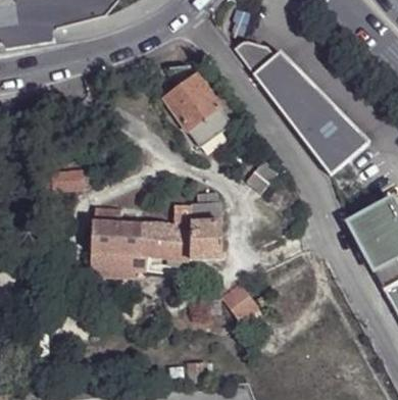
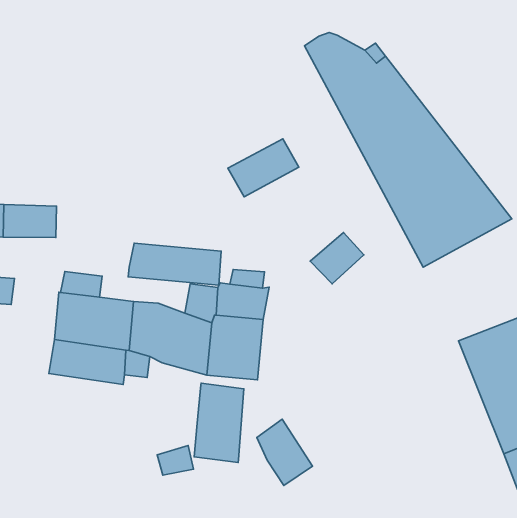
building: [164,76,220,131] -> none
building: none -> [128,243,221,285]
building: none -> [194,383,244,463]

